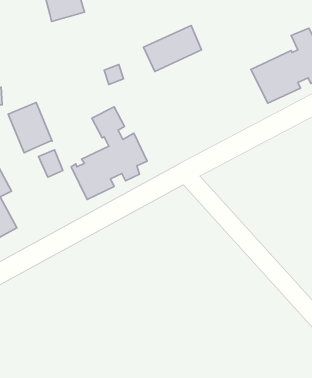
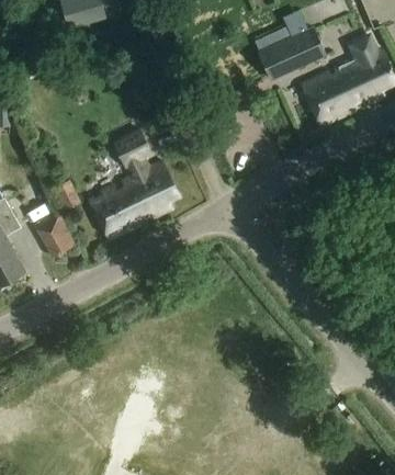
building: [143,25,201,71] -> [258,26,326,80]
building: [8,102,52,153] -> none
building: none -> [35,213,77,258]

